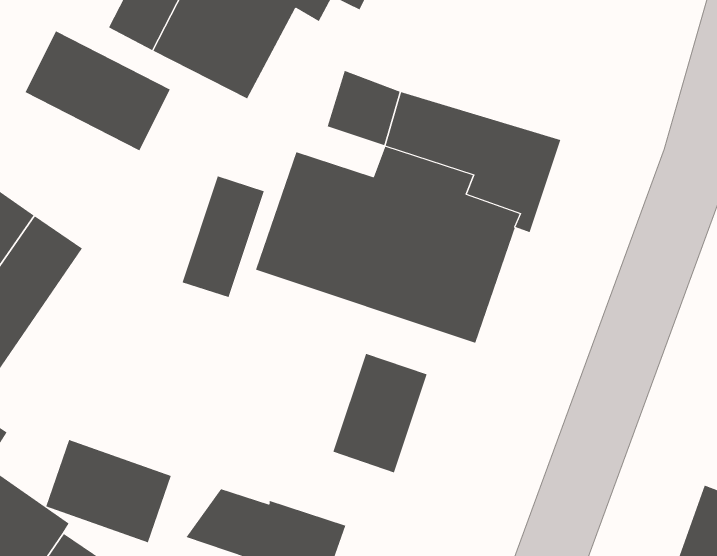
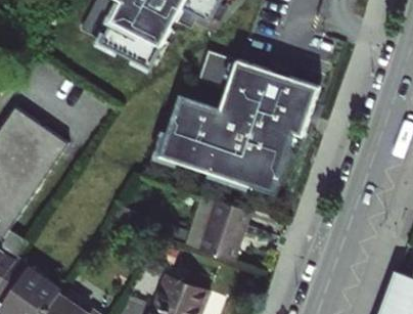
building: [25,30,171,151] -> none
building: [182,176,264,298] -> none
building: [46,439,171,543] -> none

